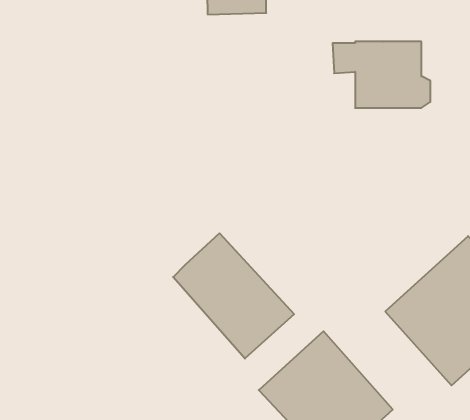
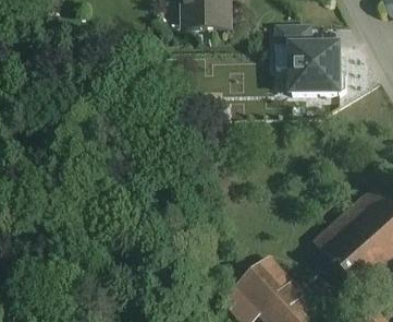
building: none -> [275,25,312,47]
building: [173,233,294,359] -> none

